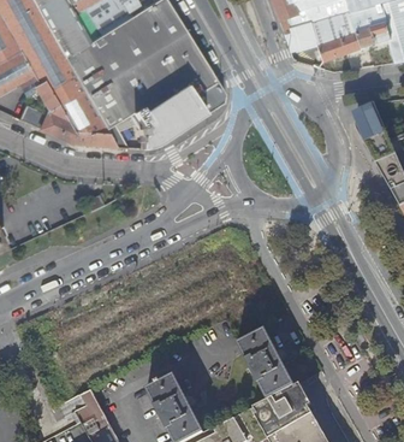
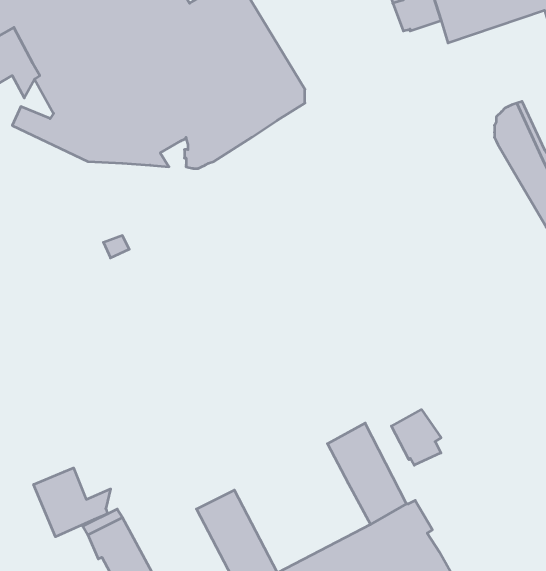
building: none -> [391,410,441,465]
building: none -> [34,468,111,537]

